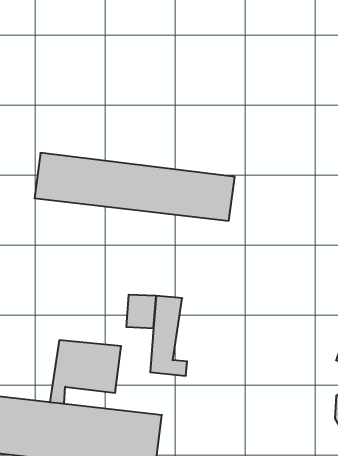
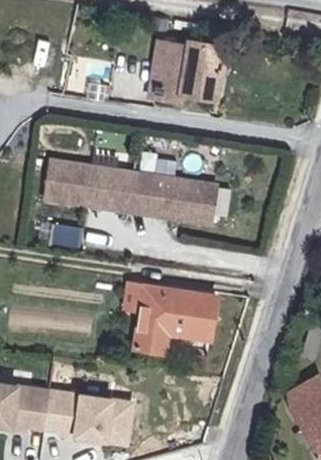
building: none -> [149,50,220,110]
building: [50,340,121,403] -> [163,293,223,346]

